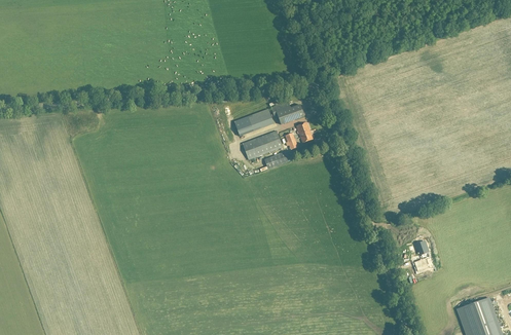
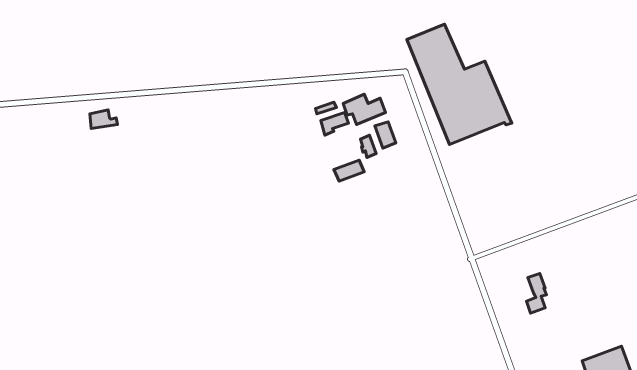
building: none -> [407,24,512,144]
building: [242,129,282,158] -> none

